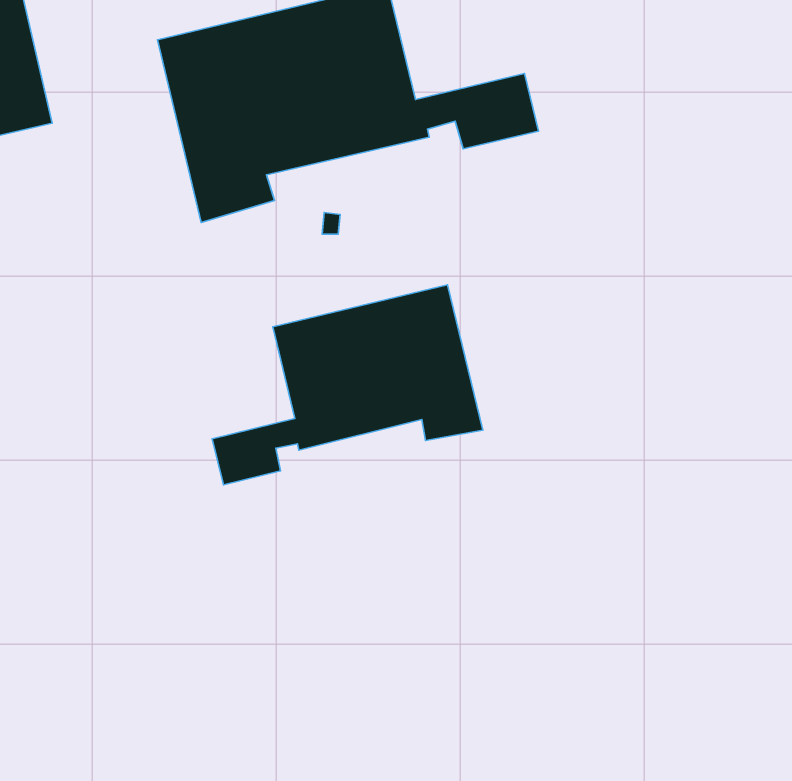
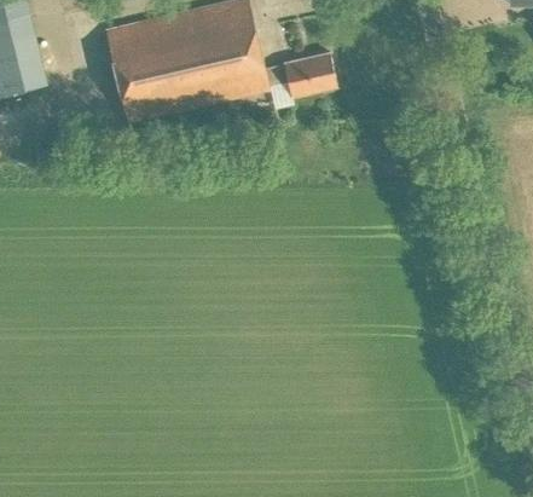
building: [212,285,483,485] -> none

